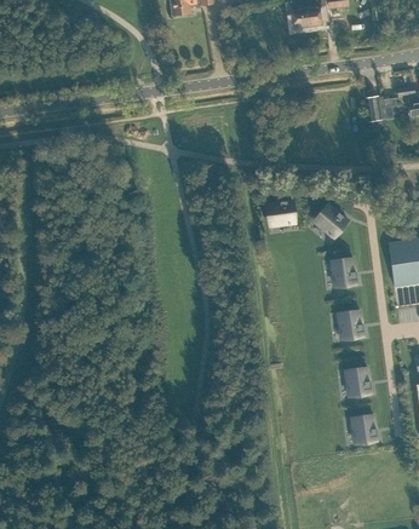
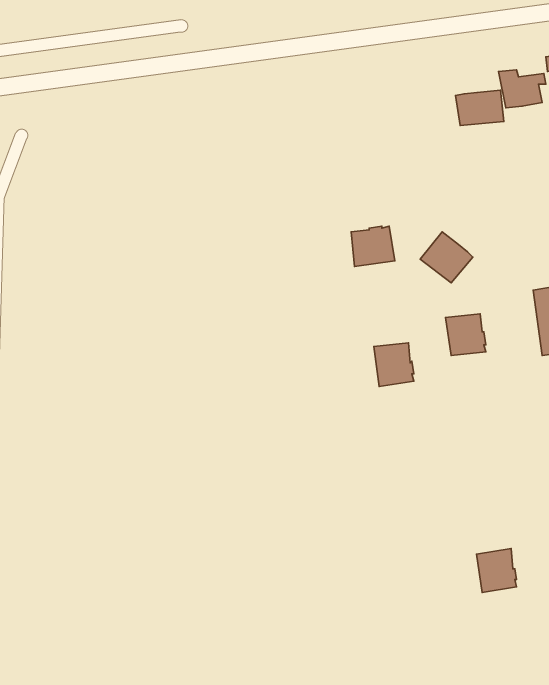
building: none -> [456,90,504,126]
building: [337,311,363,340] -> [374,343,414,386]
building: [345,368,371,397] -> none

